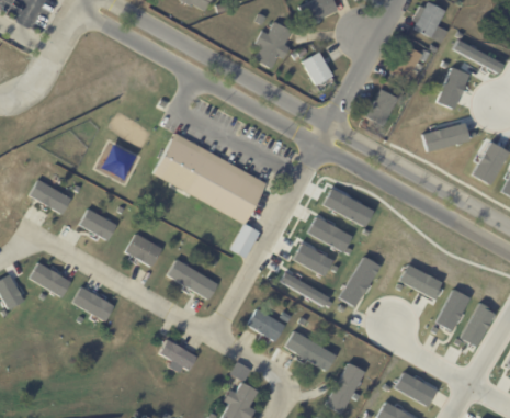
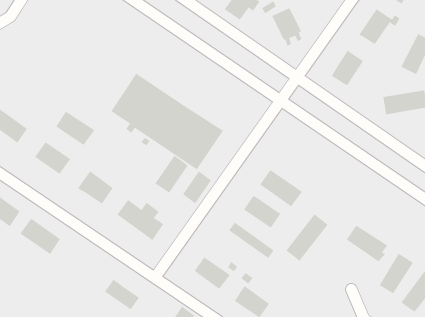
building: none -> [55,111,95,146]
building: [322,187,372,225] -> none
building: none -> [154,155,188,194]

